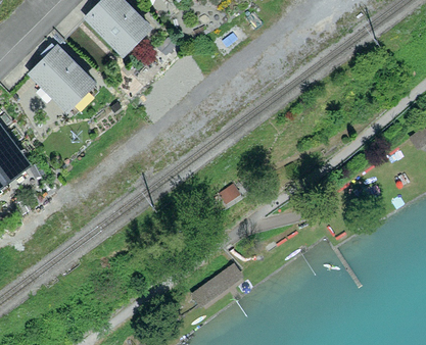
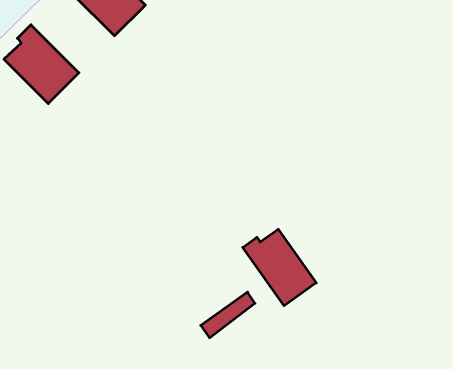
building: none -> [243,229,316,306]

